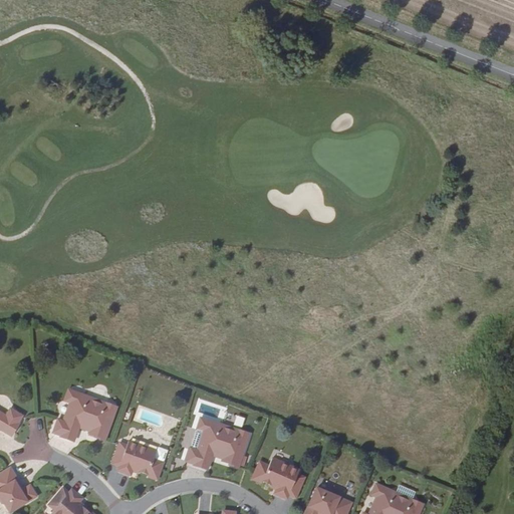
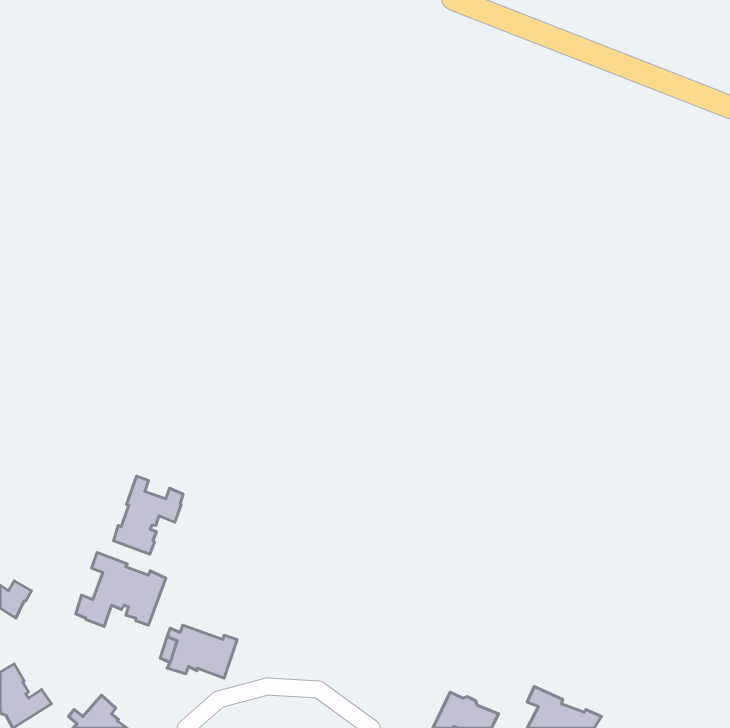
building: none -> [114,476,183,554]
building: [186,418,249,469] -> none
building: [253,458,304,498] -> none

